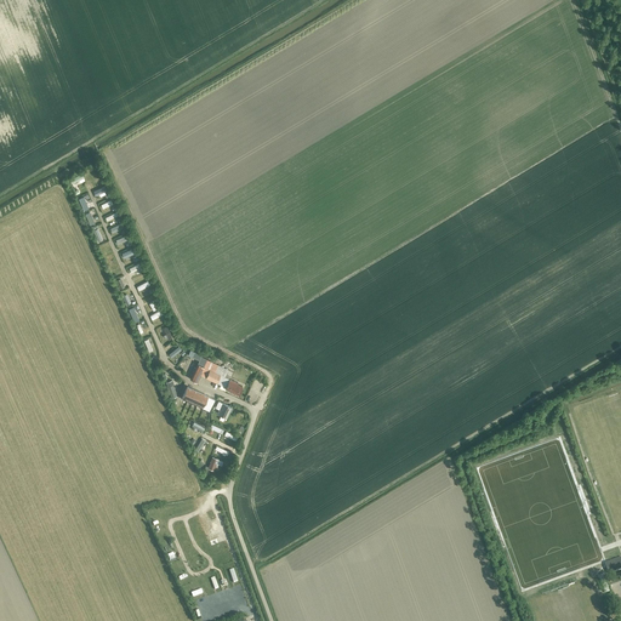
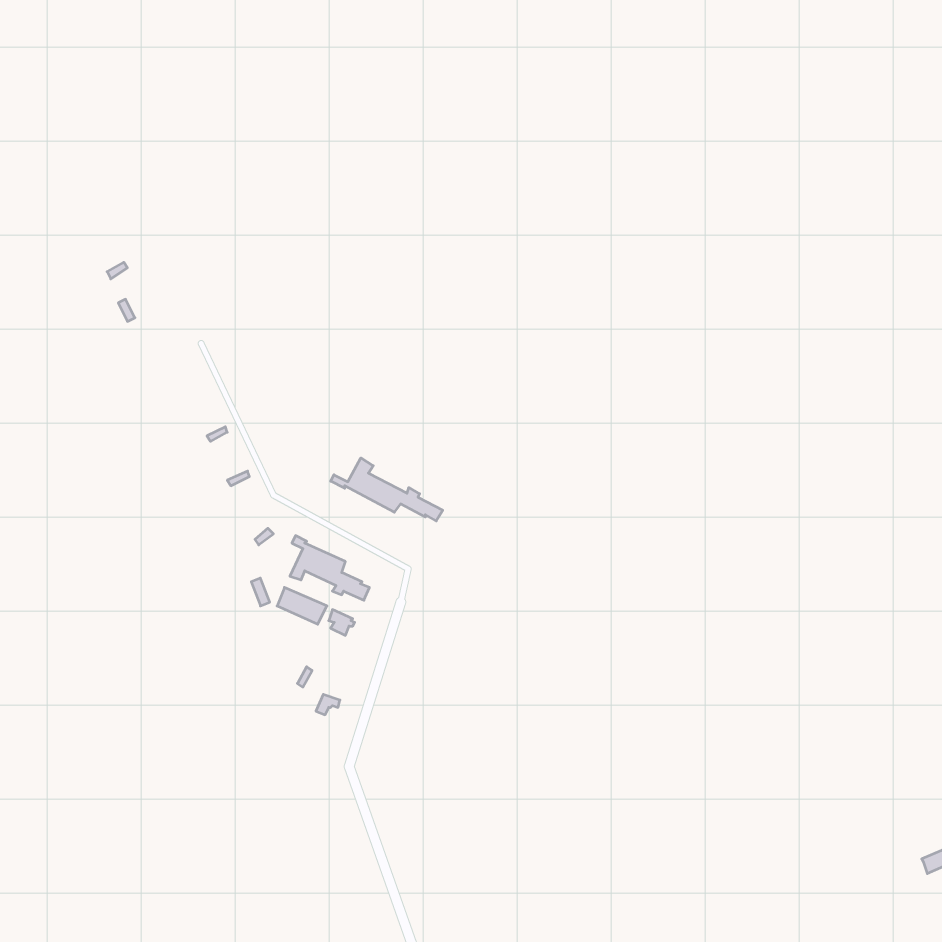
building: none -> [331,458,443,521]

